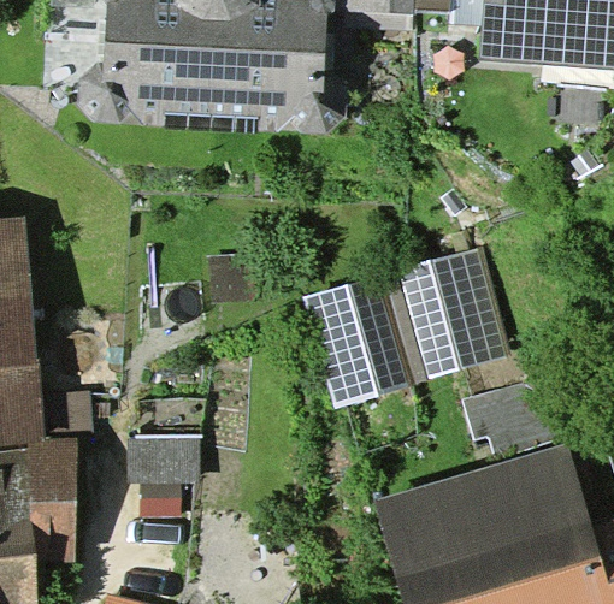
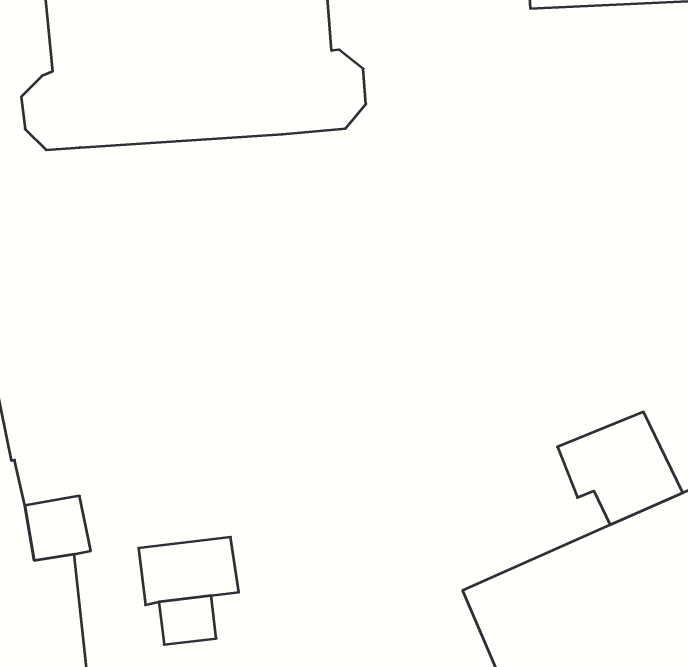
building: [397,247,512,378] -> none
building: [302,274,409,408] -> none

